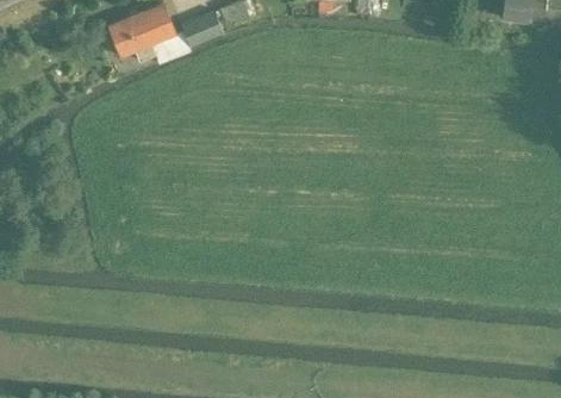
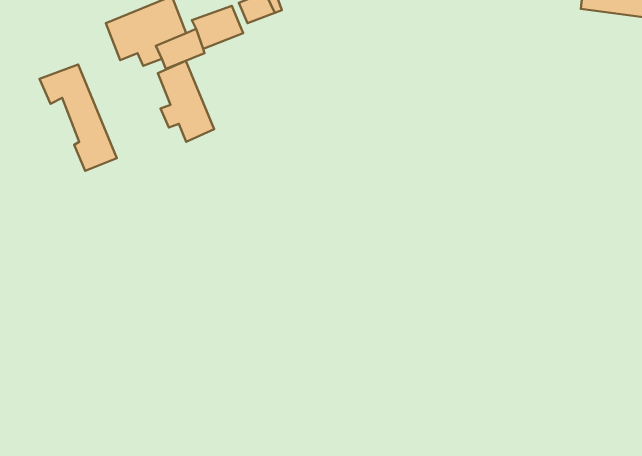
building: none -> [158,61,214,142]
building: none -> [40,64,117,171]

